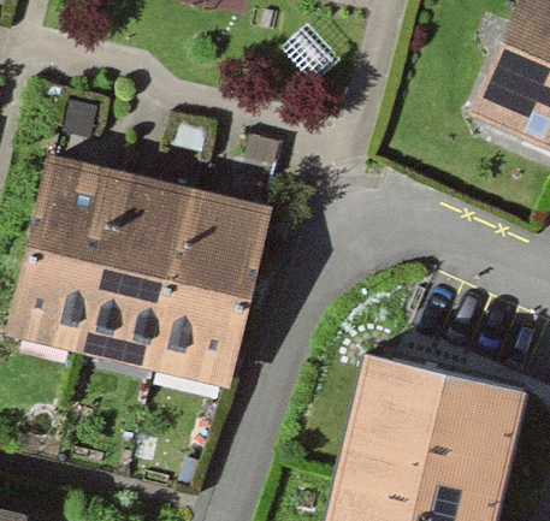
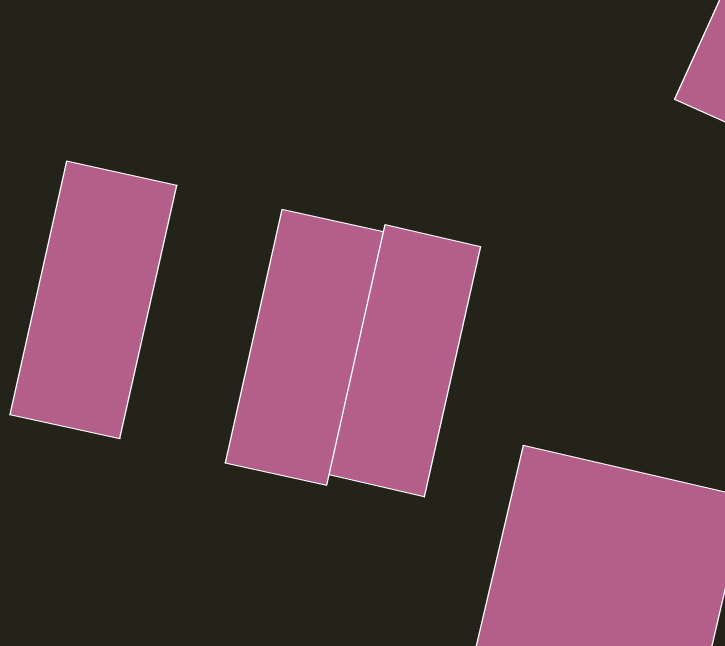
building: [85,173,199,367] -> none
building: none -> [329,225,480,497]

